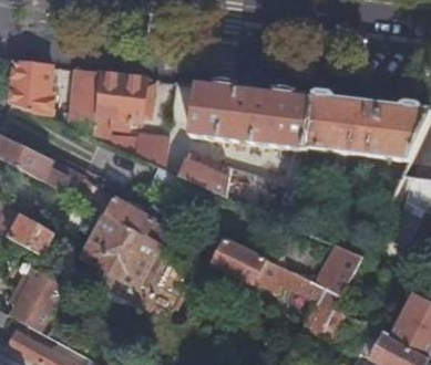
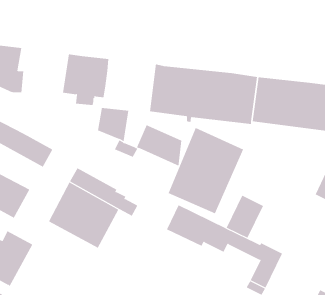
building: [69,67,103,137] -> none
building: none -> [168,127,244,214]
building: [317,243,359,292] -> [226,195,264,239]

